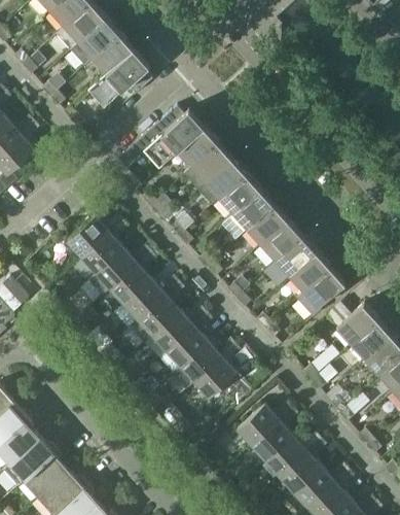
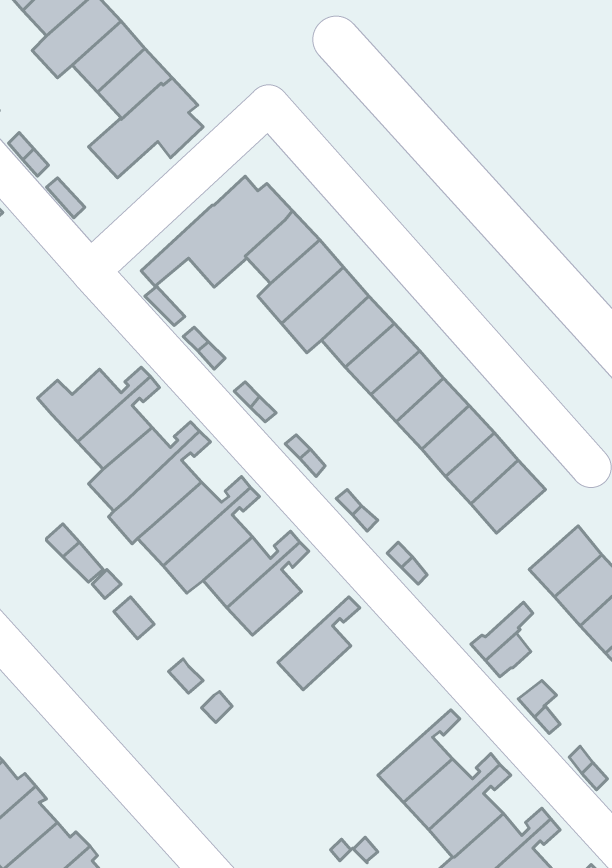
building: [171,339,234,390] -> none
building: [237,402,292,445] -> none

